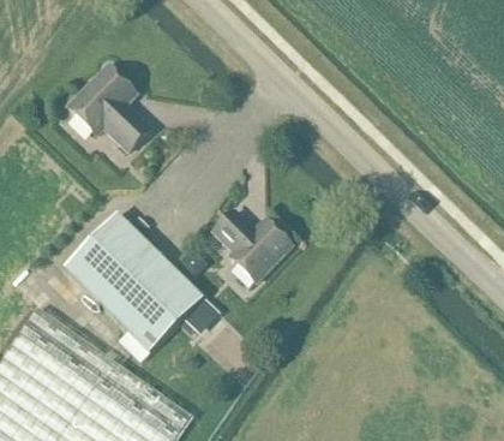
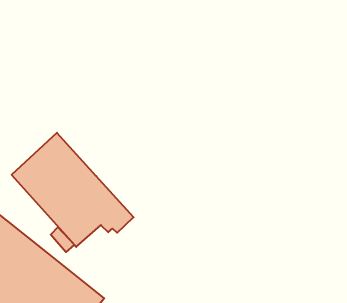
building: [70,67,151,153] -> none
building: [215,211,293,282] -> none

